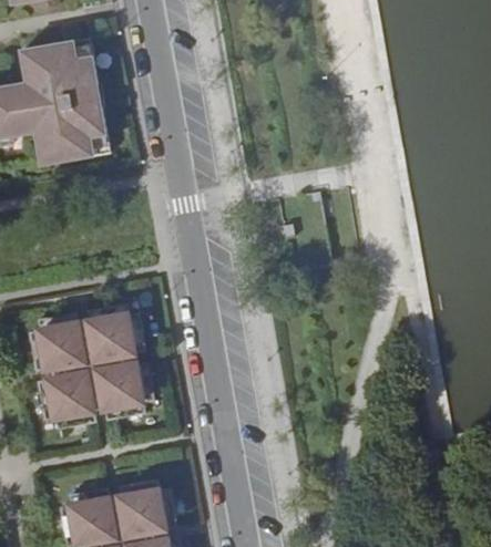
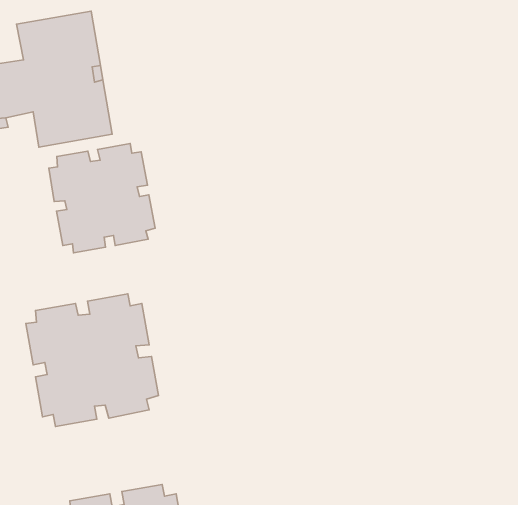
building: none -> [49,143,155,253]

